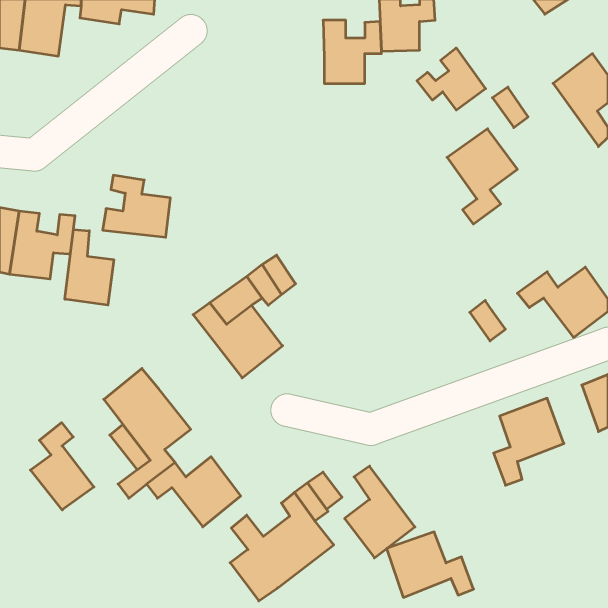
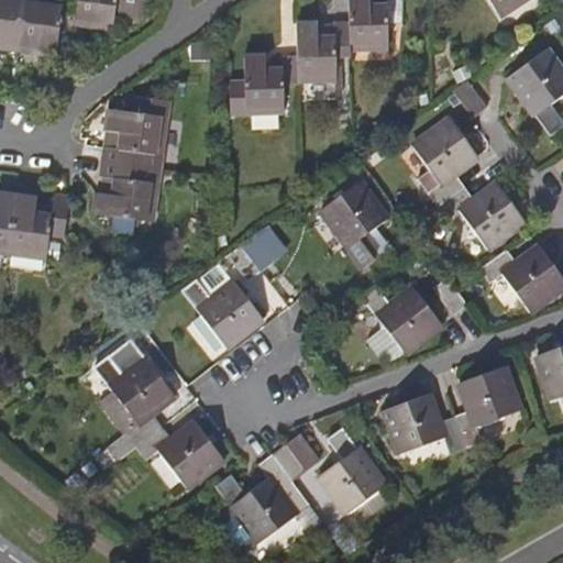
building: [417,48,486,110] -> none
building: none -> [231,51,299,109]
building: none -> [104,97,168,166]
building: none -> [317,183,385,267]
building: none -> [437,183,525,247]
building: [65,229,114,305] -> none
building: none -> [360,285,440,352]
building: [30,423,94,510] -> none
building: [387,532,474,597] -> [386,395,466,455]

